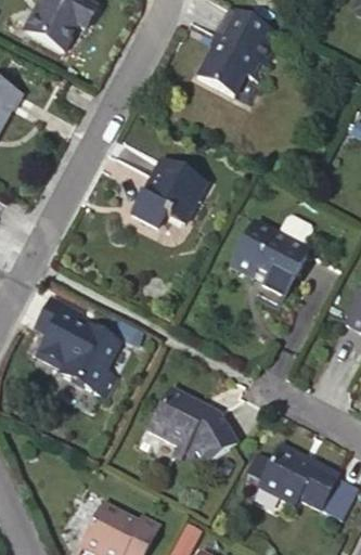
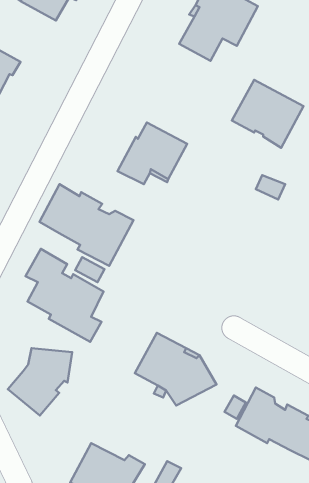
building: [229,222,306,295] -> [232,80,304,148]
building: none -> [40,184,134,266]
building: none -> [8,348,72,415]

